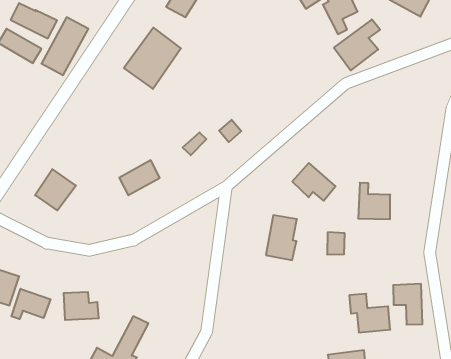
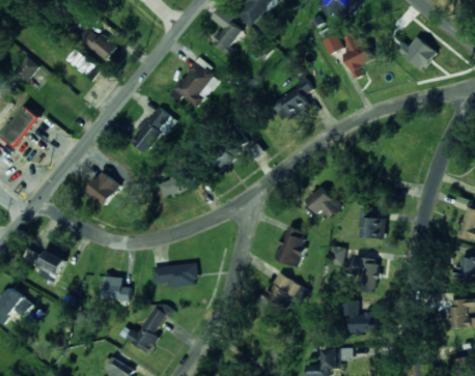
building: [41,17,88,75] -> [131,107,173,155]
building: [334,19,380,70] -> [272,80,312,121]
building: none -> [151,264,197,287]
building: none -> [263,272,308,311]
building: [393,284,422,325] -> [352,257,376,292]
building: [11,289,51,319] -> none

